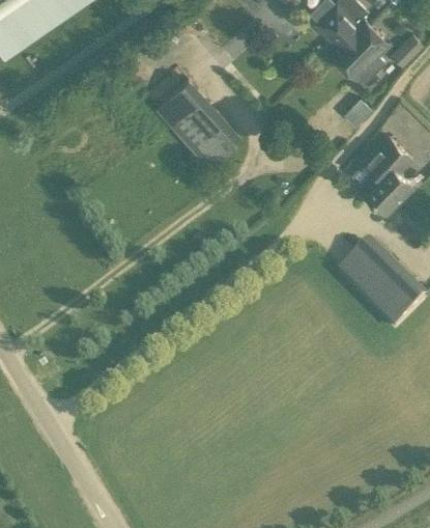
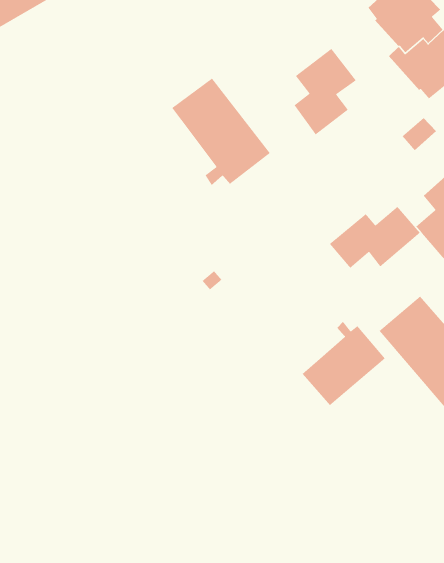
building: none -> [293,48,357,136]
building: none -> [329,206,421,269]
building: none -> [301,321,386,406]

